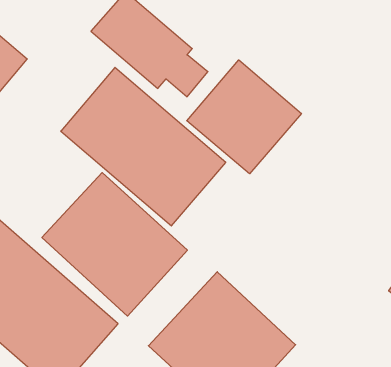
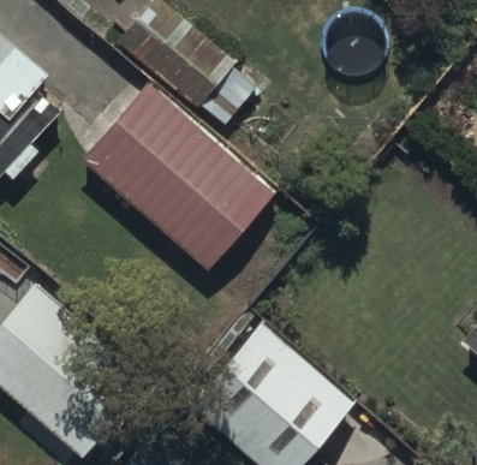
building: [187,60,301,174] -> none
building: [42,173,187,316] -> none

